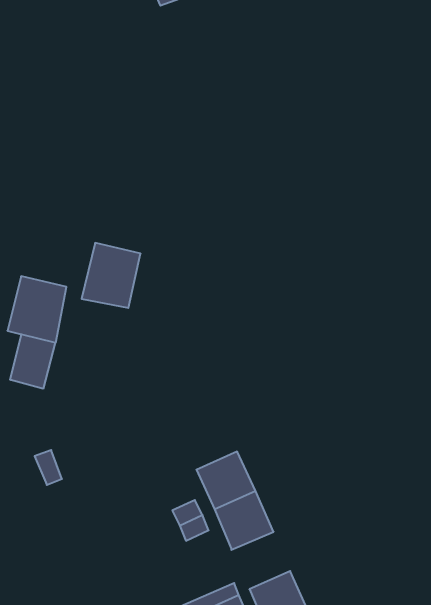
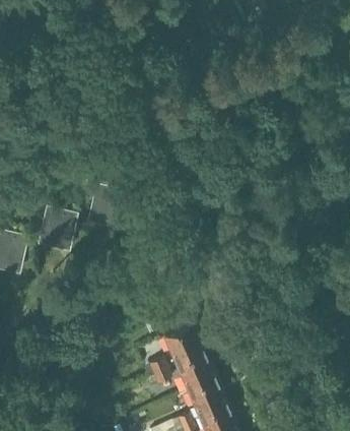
building: [10,334,55,389] -> none
building: none -> [185,380,224,419]

